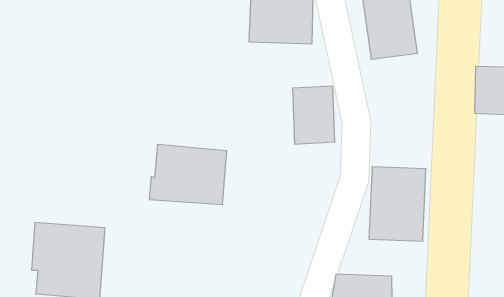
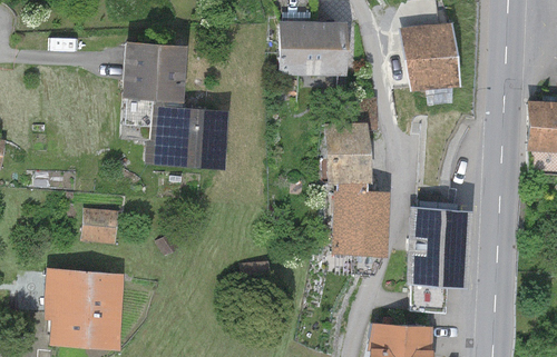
building: none -> [124,42,187,101]
building: [149,145,227,205] -> [145,105,228,169]
building: none -> [332,190,384,256]
building: none -> [81,208,117,244]

